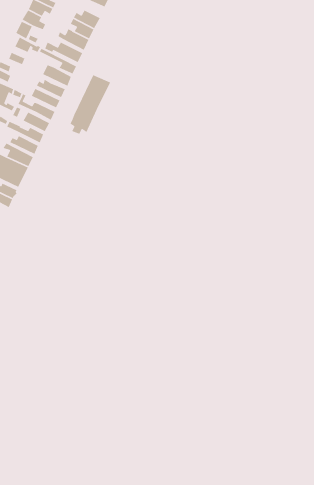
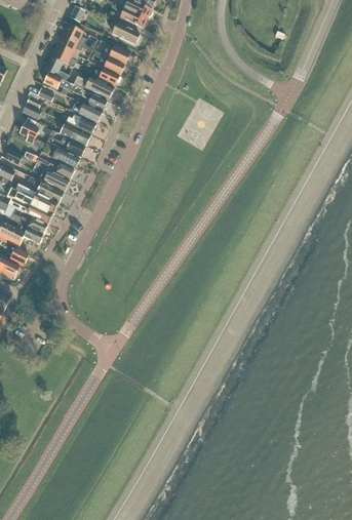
building: [69,74,111,135] -> none

